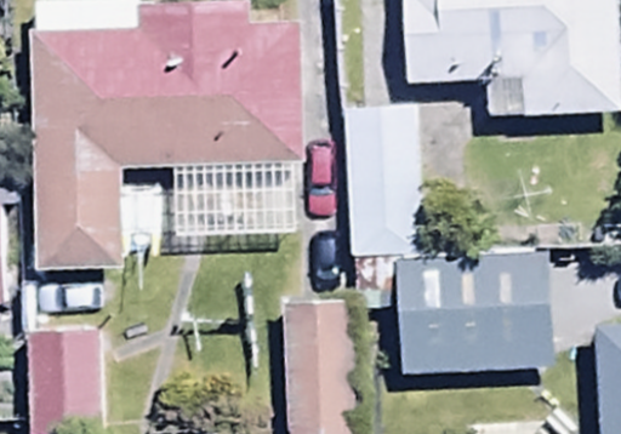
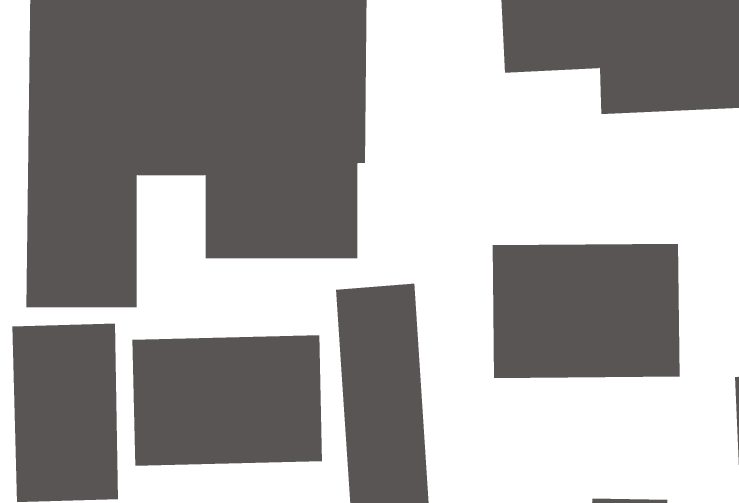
building: none -> [132,334,323,467]

